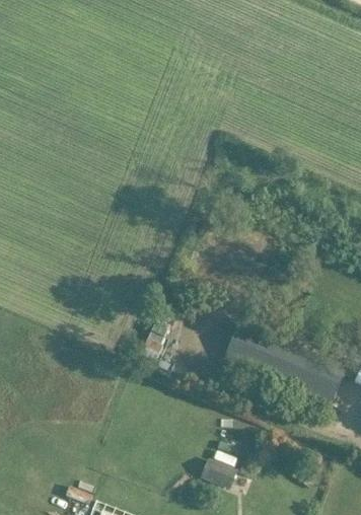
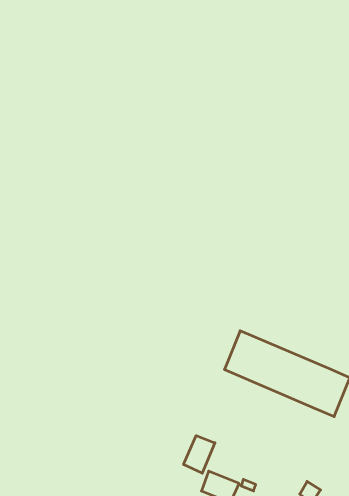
building: none -> [184,436,215,473]

